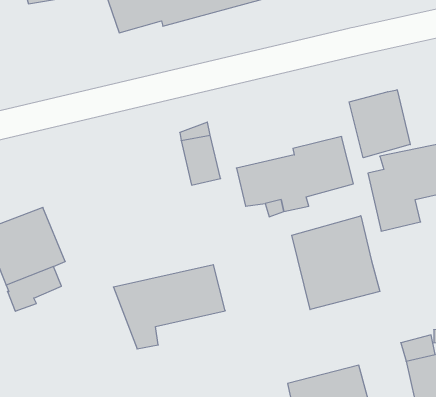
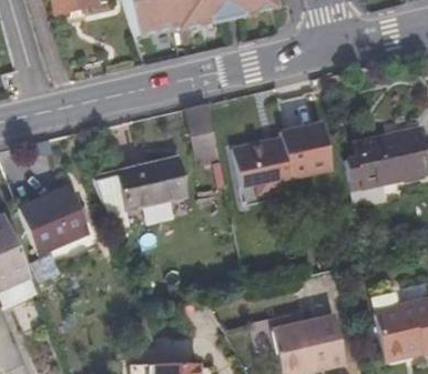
building: [349,90,410,158] -> none
building: [292,216,380,310] -> none
building: [113,265,225,349] -> [85,154,180,225]

